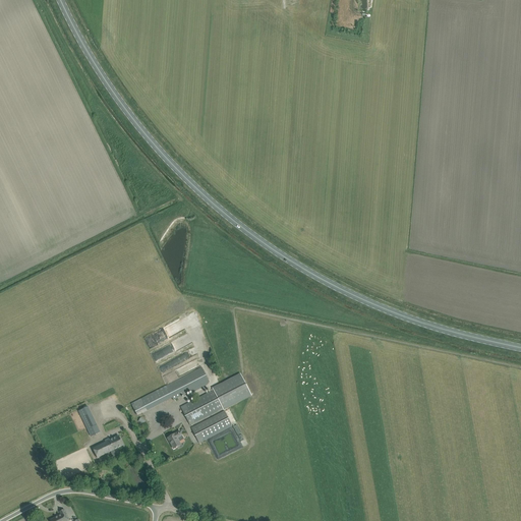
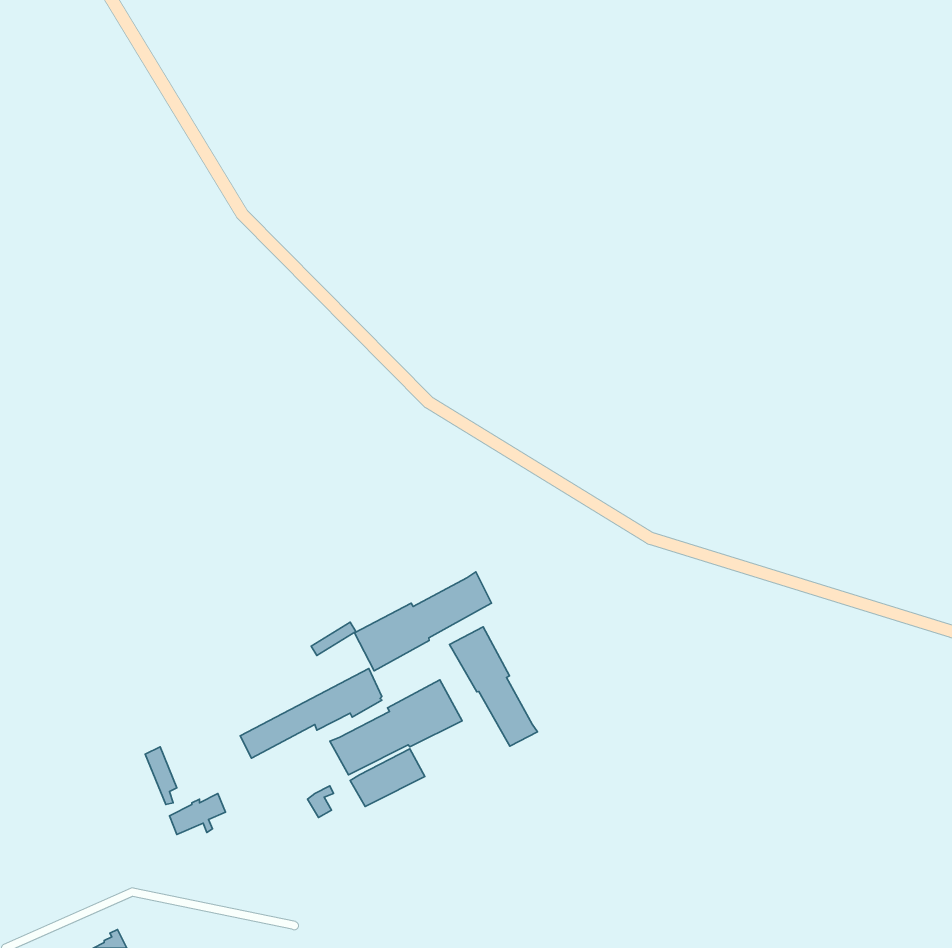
building: none -> [355,572,492,671]
building: none -> [450,627,537,746]

